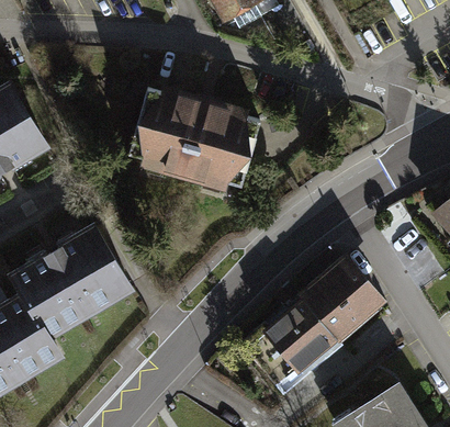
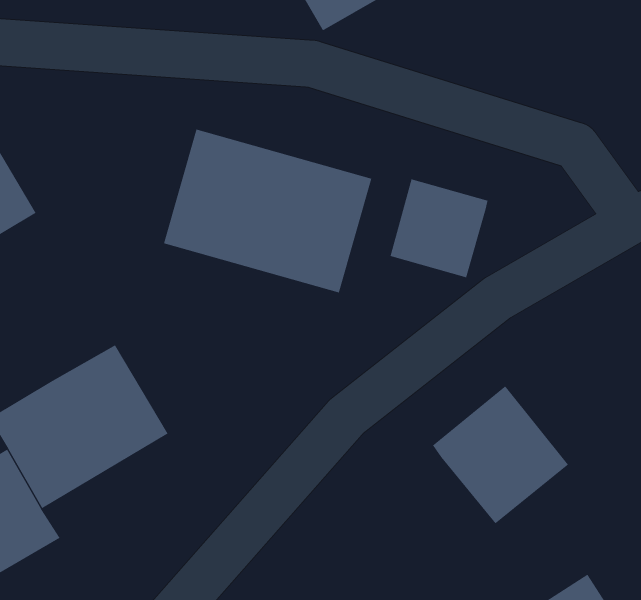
building: none -> [390,178,488,278]
building: [263,300,339,375] -> none

